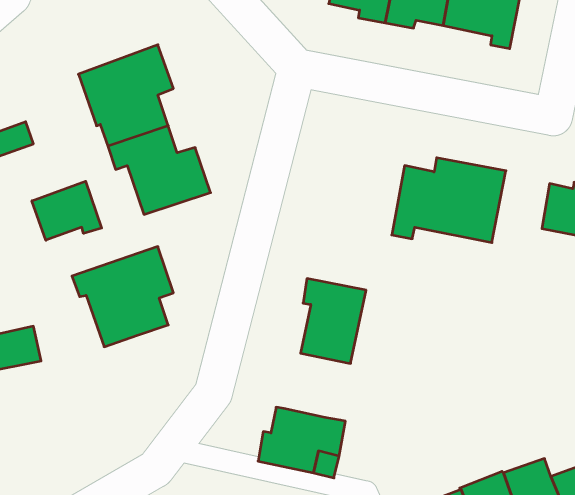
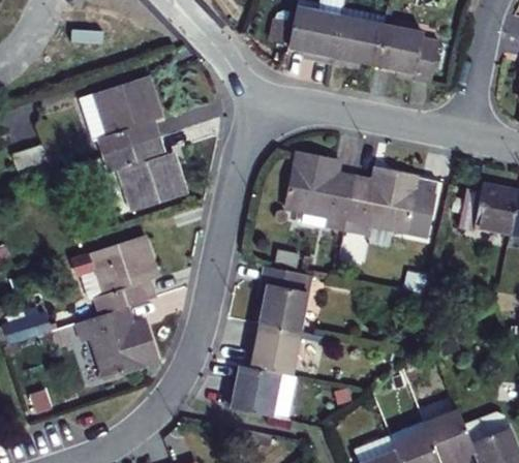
building: none -> [277,152,345,230]
building: [32,181,102,240] -> none
building: none -> [78,311,162,384]
building: none -> [248,326,317,379]

